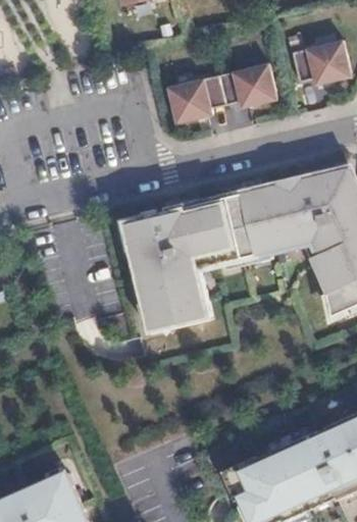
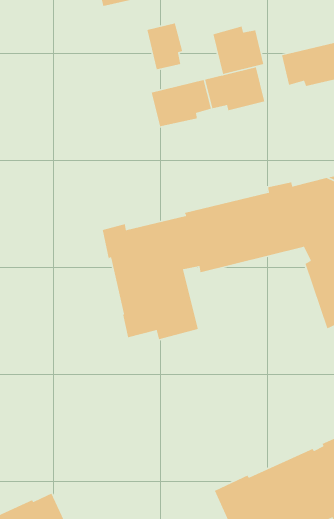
building: none -> [146,22,183,70]
building: none -> [213,26,264,75]

